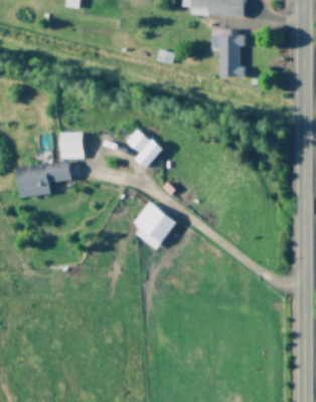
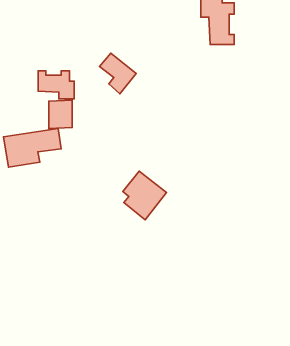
building: none -> [38,71,74,99]
building: [126,129,162,169] -> [100,53,136,94]

